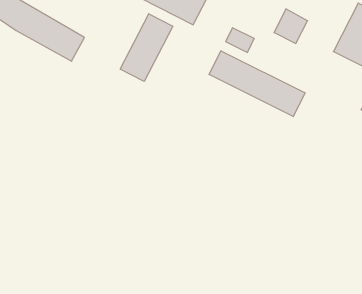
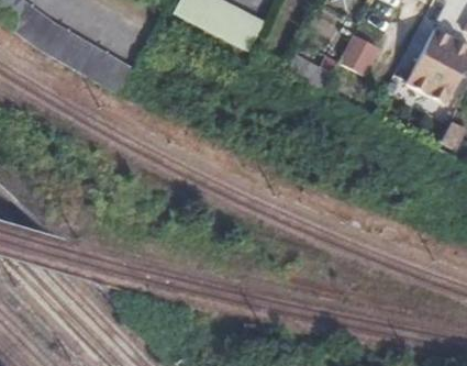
building: [120,14,173,81] -> none
building: [209,51,305,117] -> none

